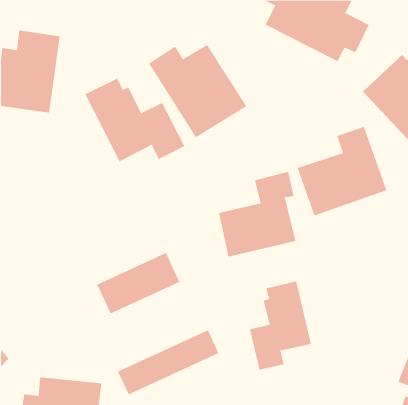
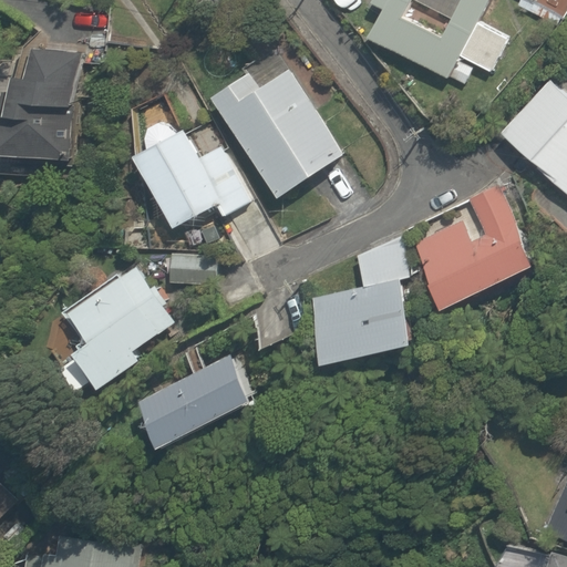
building: none -> [61,260,183,395]
building: [250,280,312,370] -> none
building: [117,329,219,395] -> none

